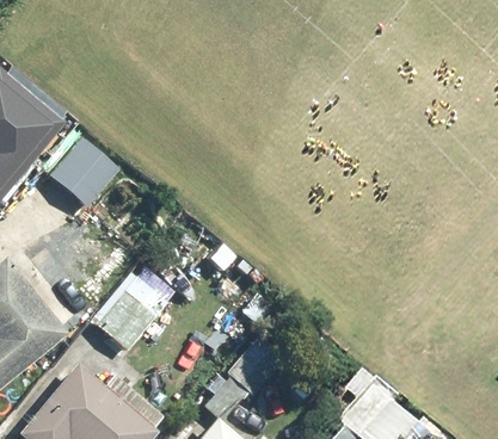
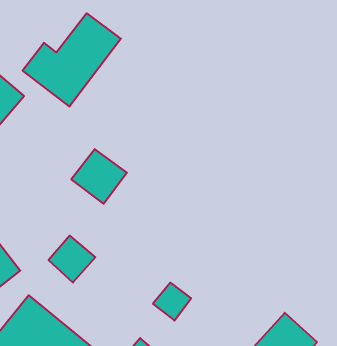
building: none -> [23,13,121,107]
building: [53,138,121,205] -> [71,149,127,204]

